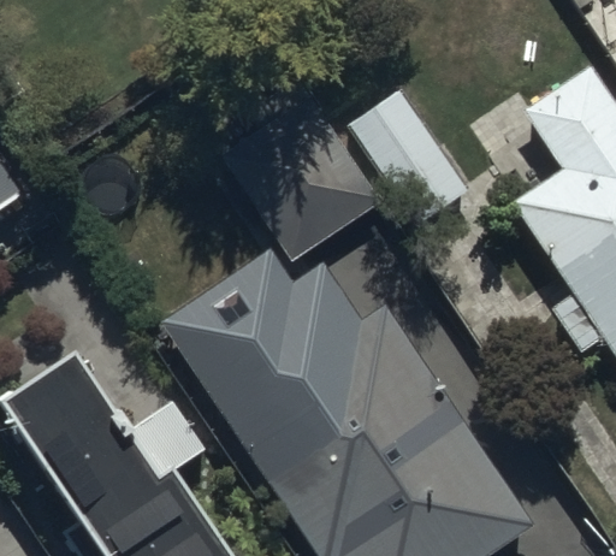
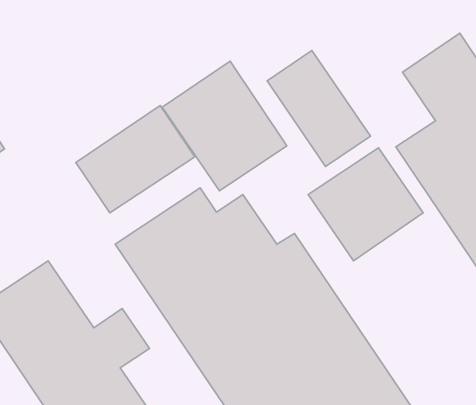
building: none -> [76,105,195,213]
building: none -> [308,148,423,261]

